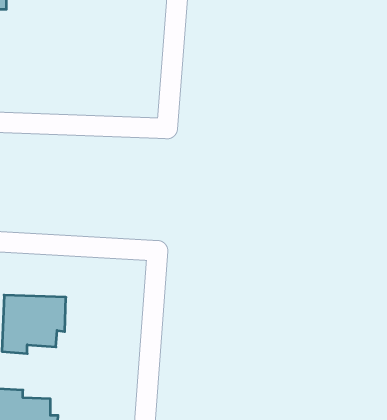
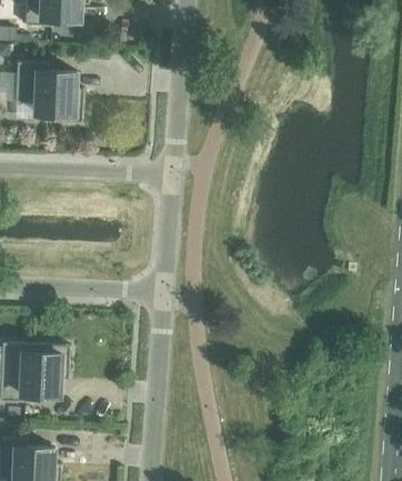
building: none -> [19,62,82,123]

